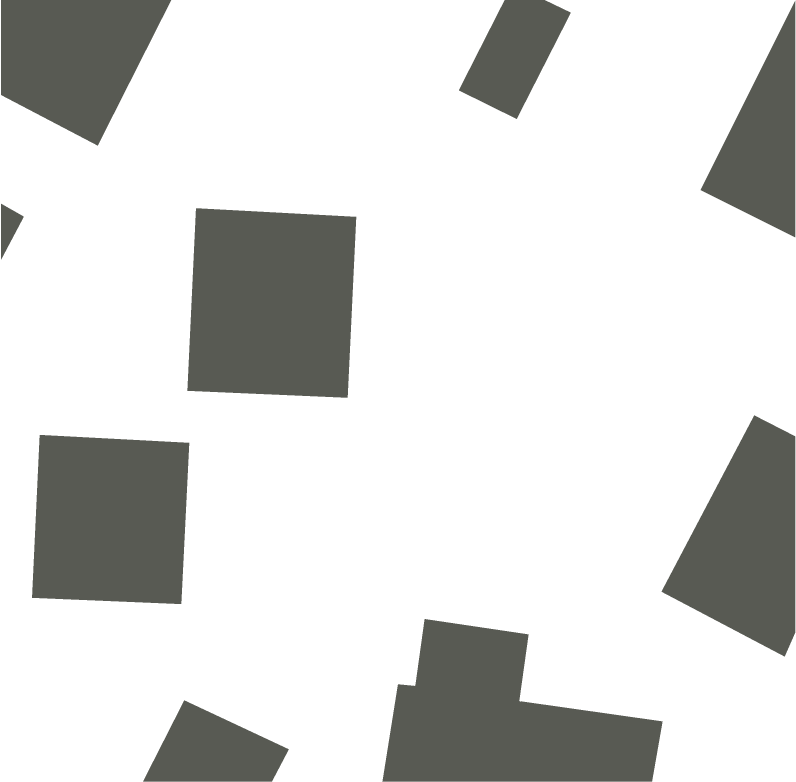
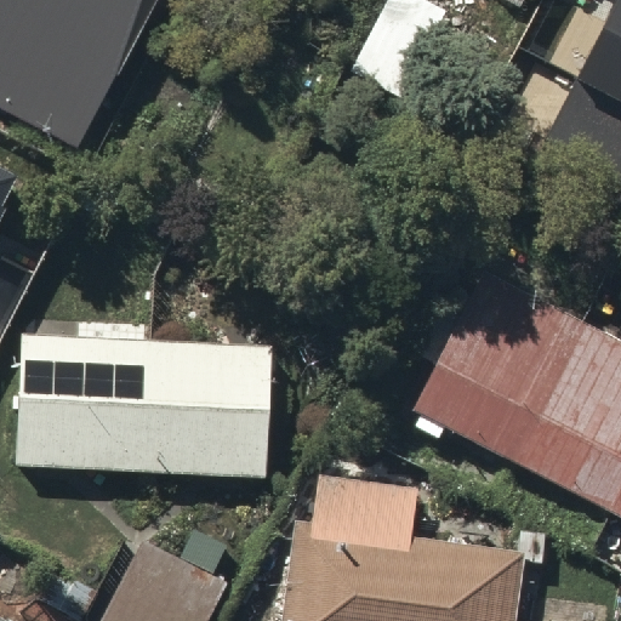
building: [187,207,357,398] -> none
building: none -> [417,272,587,461]
building: none -> [142,344,267,477]

